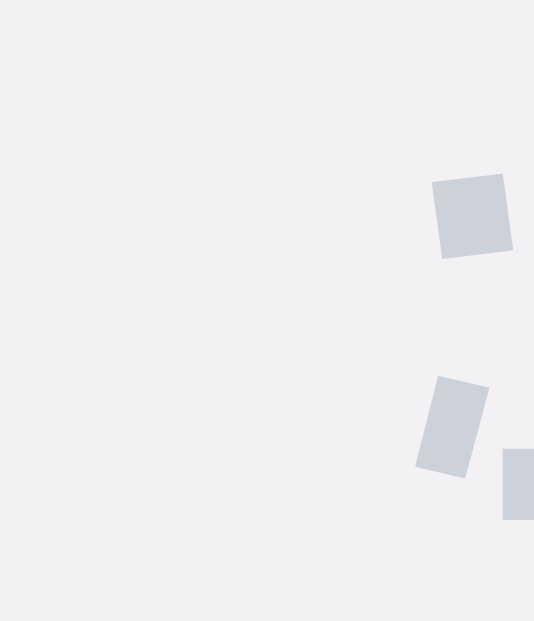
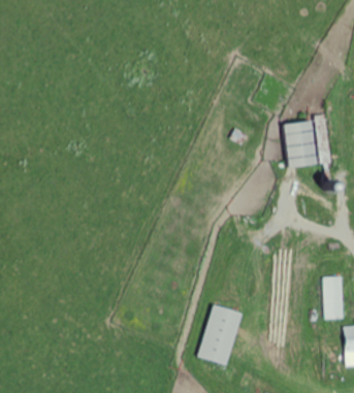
building: [414,375,491,480] -> [197,305,242,366]

